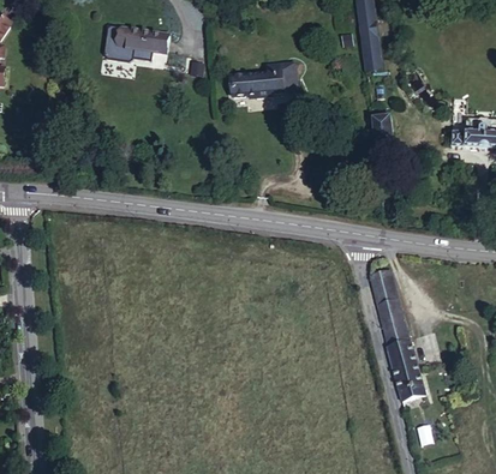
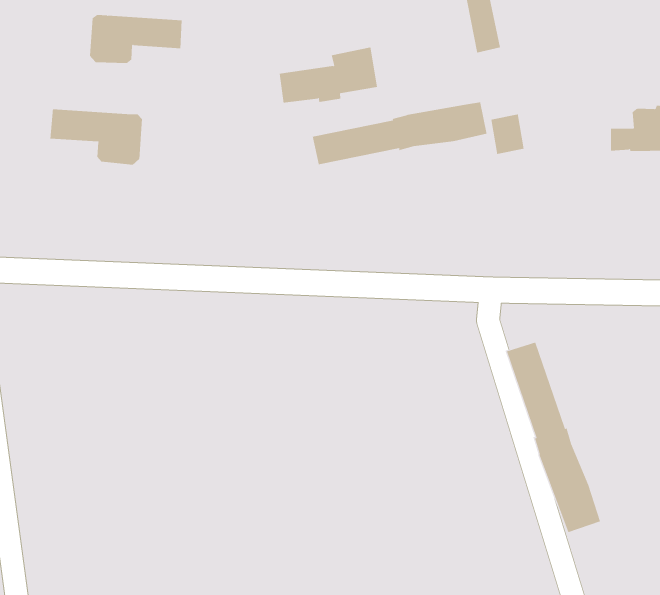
building: none -> [50,109,142,165]
building: none -> [312,101,487,165]

